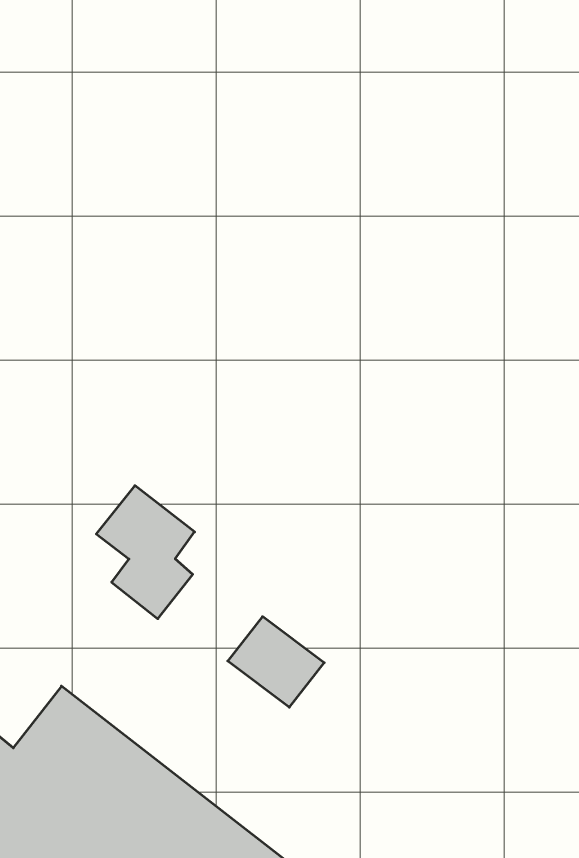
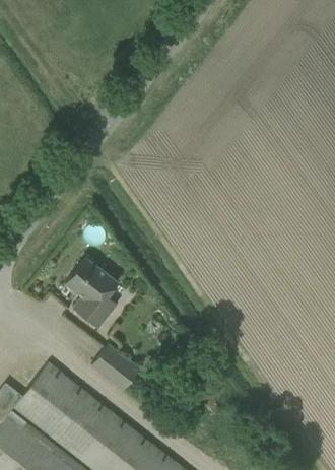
building: [228,617,324,707] -> [90,344,141,392]

